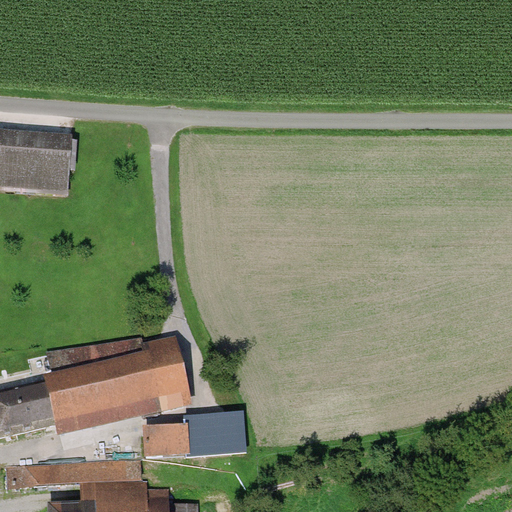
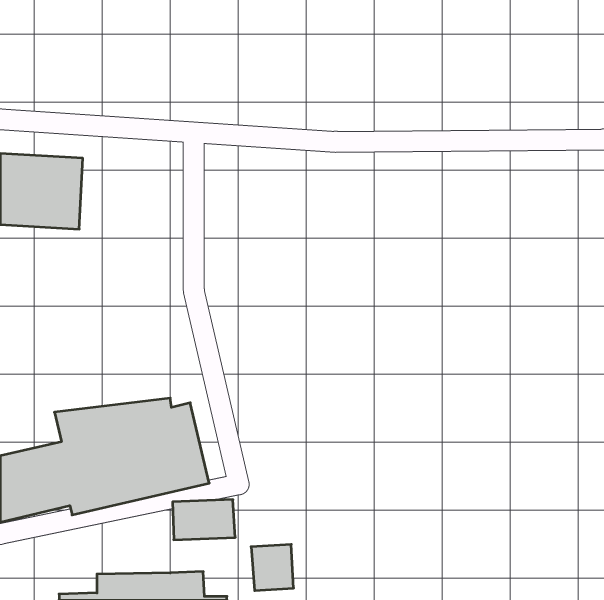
building: [198,415,234,454] -> [251,544,294,591]
building: [7,461,144,488] -> none

